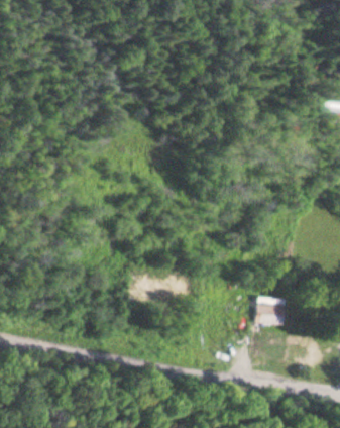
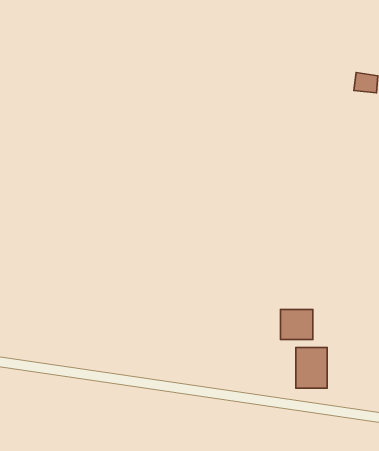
building: none -> [296,348,327,388]

